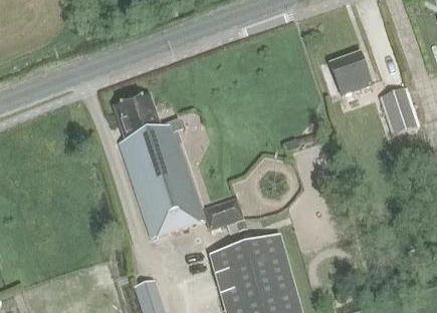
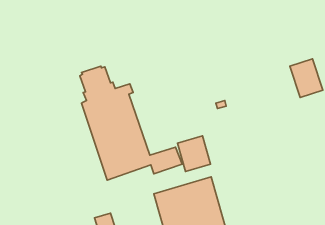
building: [330,51,373,93] -> none
building: none -> [177,136,210,171]

